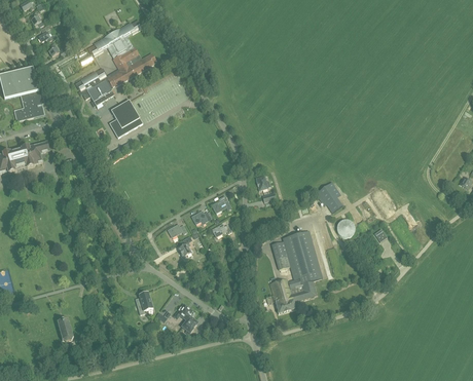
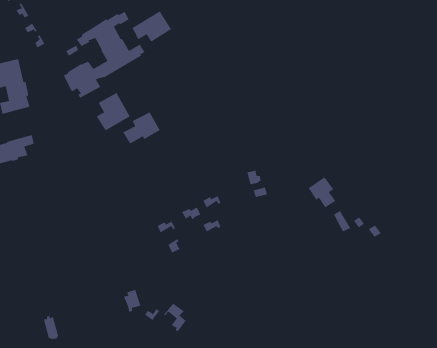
building: none -> [132,10,172,43]
building: none -> [122,112,161,145]
building: [268,230,321,312] -> none

